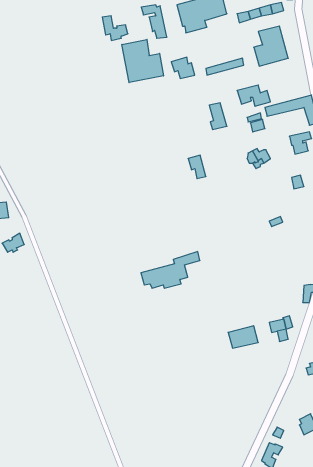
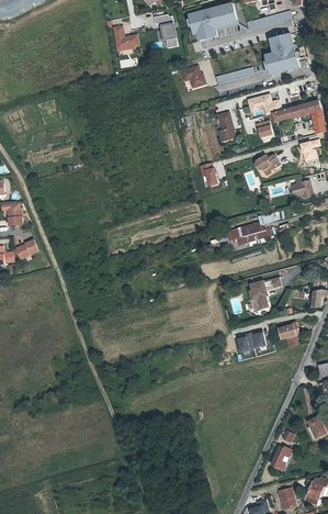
building: [122,39,163,83] -> none
building: [141,252,200,288] -> [227,210,285,246]
building: none -> [249,275,281,309]

